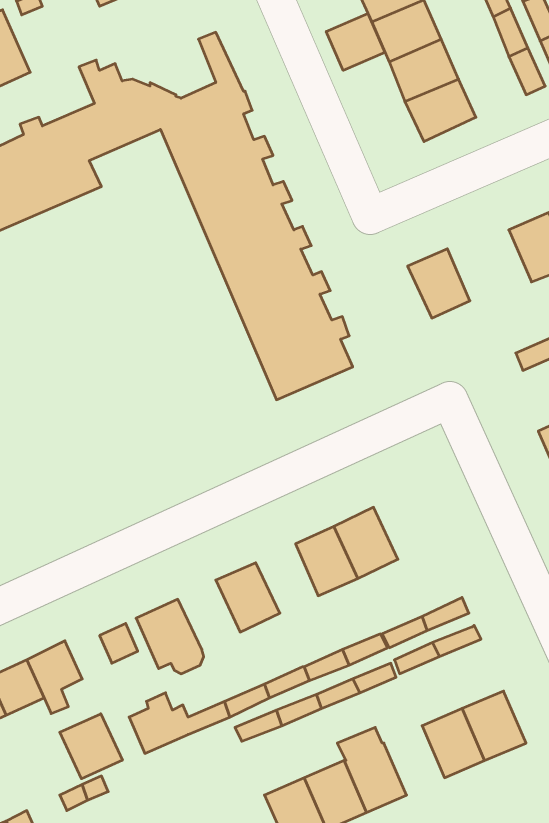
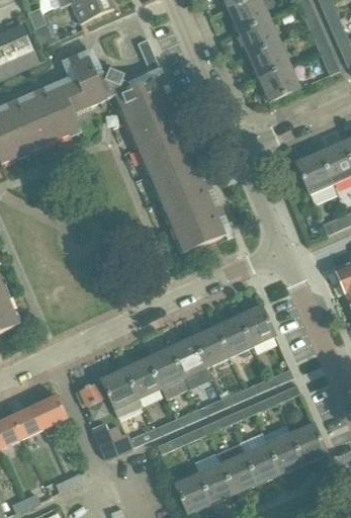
building: [326,13,385,70] -> none
building: [408,249,470,318] -> [294,154,331,194]
building: none -> [239,306,276,346]
building: none -> [170,337,206,377]
building: none -> [124,358,161,399]
building: [60,714,122,779] -> none
building: none -> [245,443,280,484]

